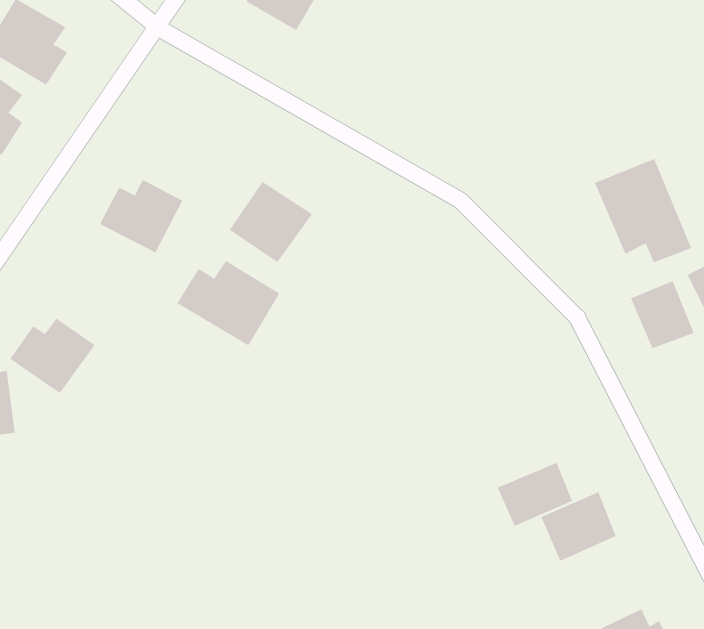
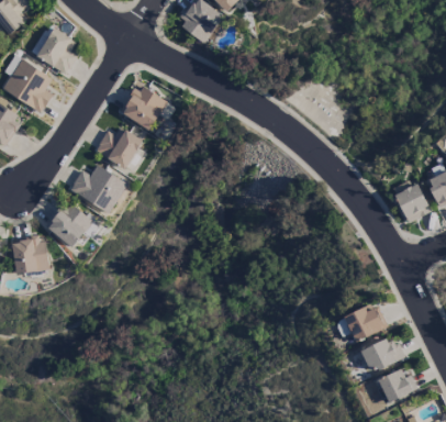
building: [594,158,692,263] -> none
building: [229,181,313,263] -> [121,84,168,130]
building: [177,260,280,346] -> [69,165,127,213]
building: [497,462,573,527] -> [360,336,403,373]

